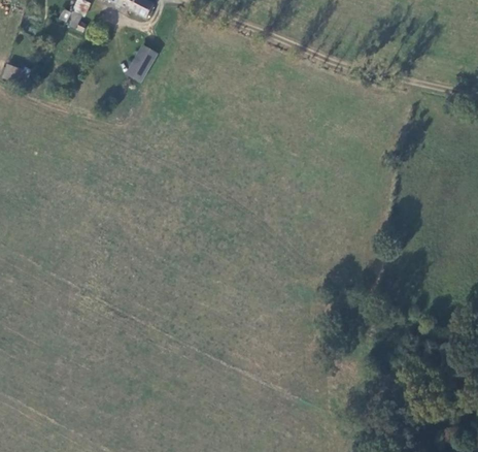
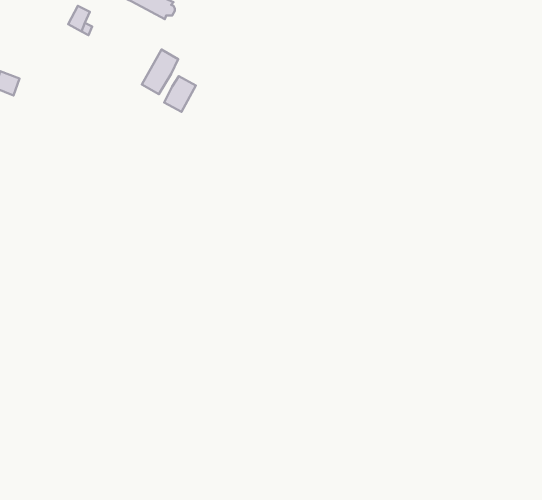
building: none -> [164,76,196,112]

